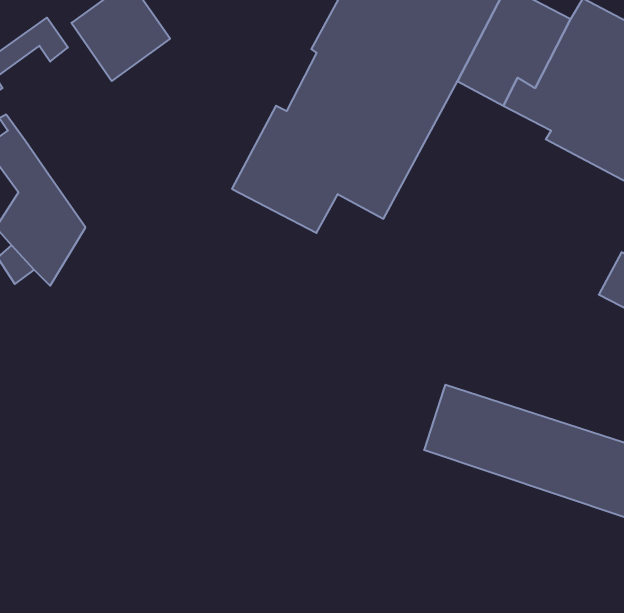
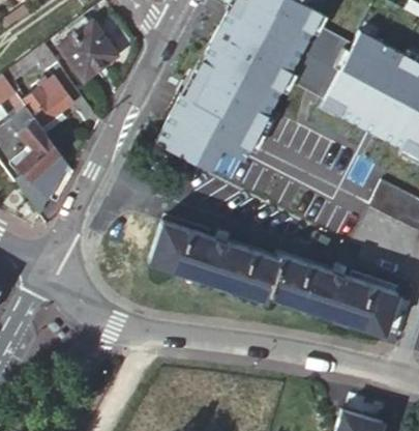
building: none -> [29,77,79,135]
building: none -> [151,223,278,300]

